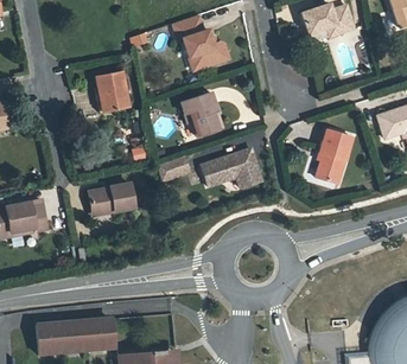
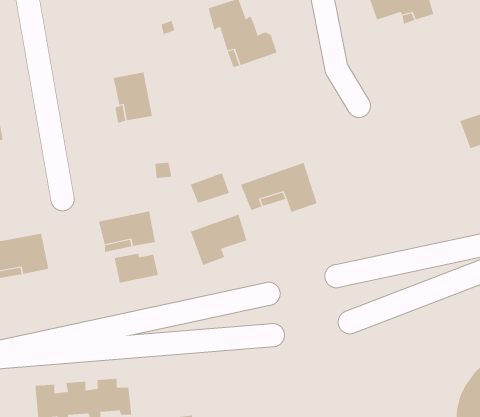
building: [182,91,220,135] -> none
building: [317,127,354,181] -> none
building: none -> [190,214,247,266]
building: none -> [114,253,159,283]

